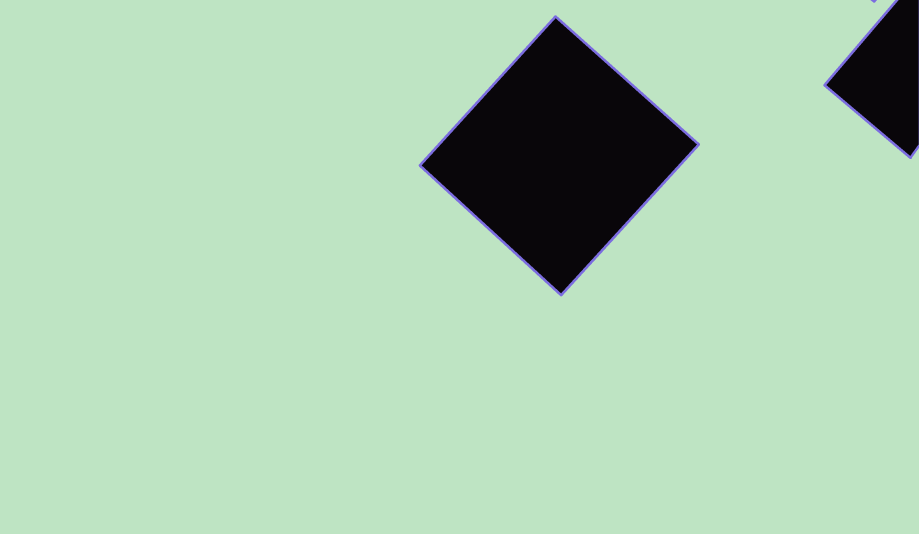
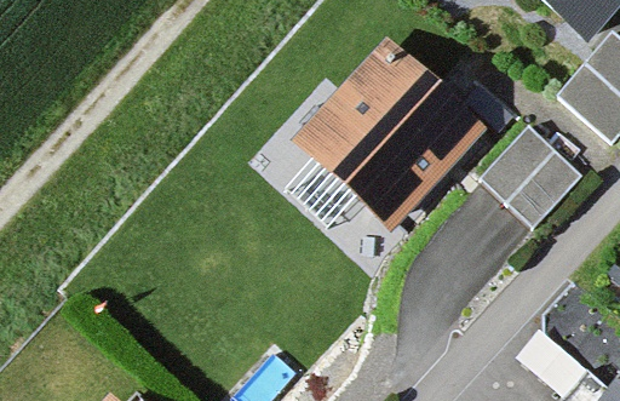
building: none -> [482,126,581,225]

